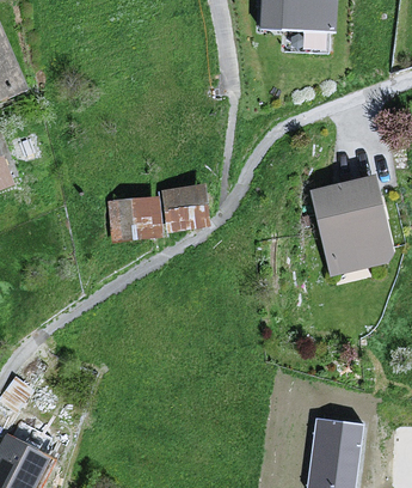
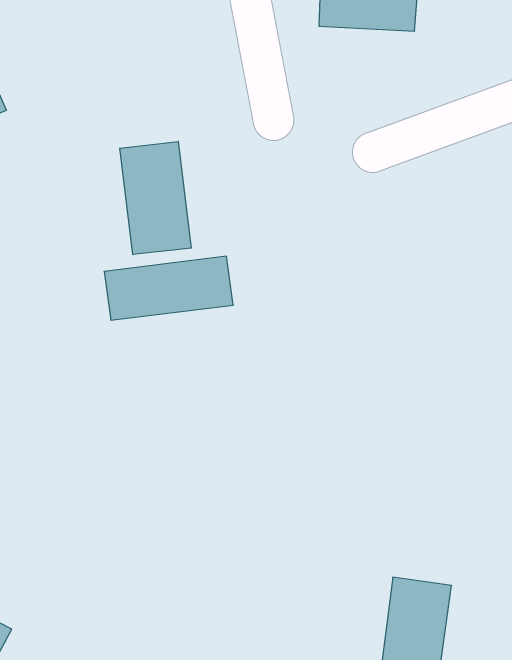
building: none -> [120,141,191,255]
building: [313,182,382,274] -> none

